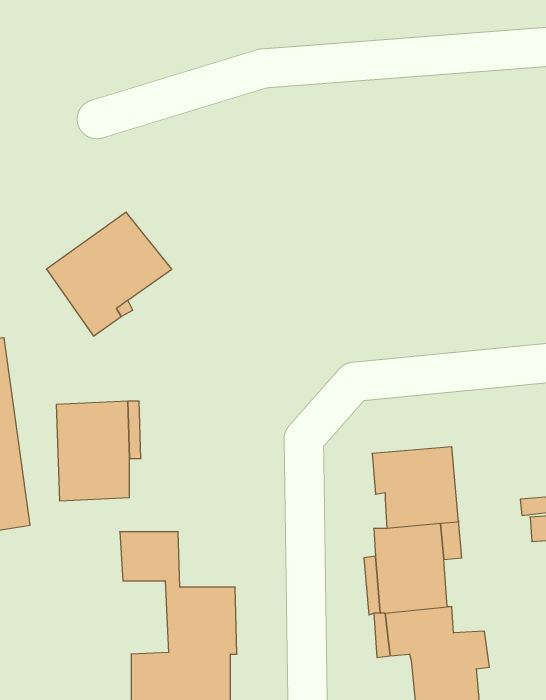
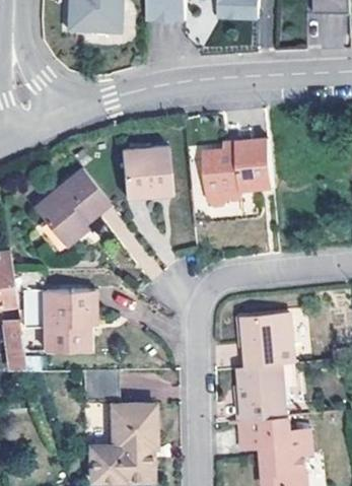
building: none -> [201,140,271,206]
building: none -> [123,147,174,199]

